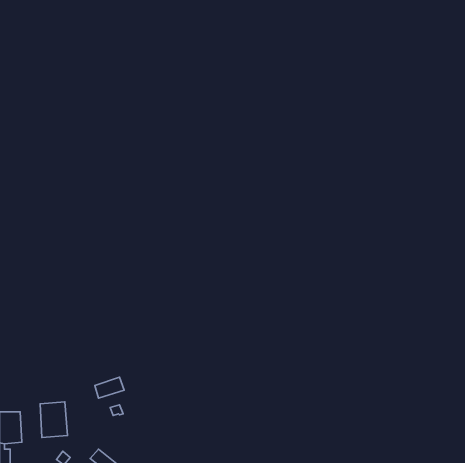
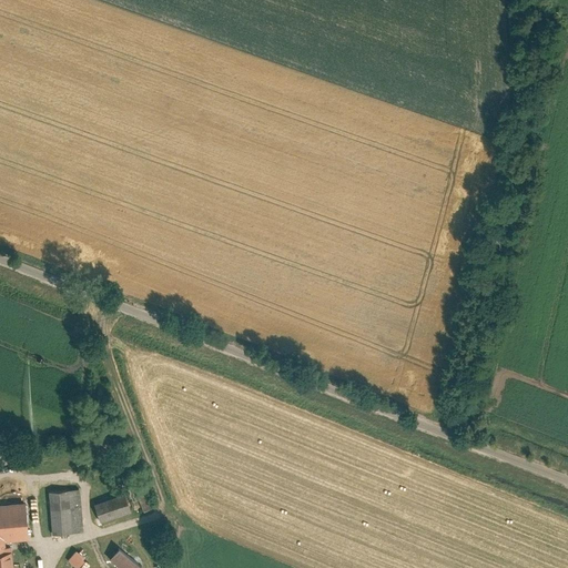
building: [95,377,124,398] -> [94,497,130,523]

